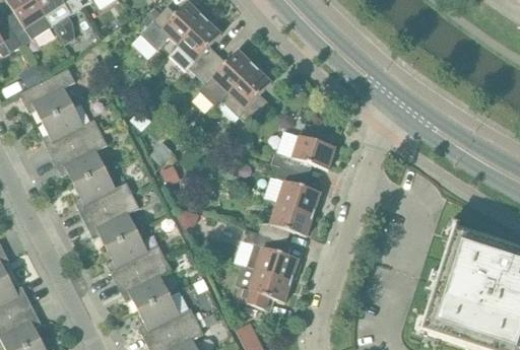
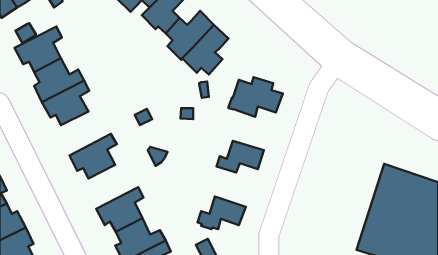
building: [275,165,320,213] -> none
building: [73,167,132,219] -> none
building: [245,229,301,280] -> none
building: [106,230,165,282] -> none

